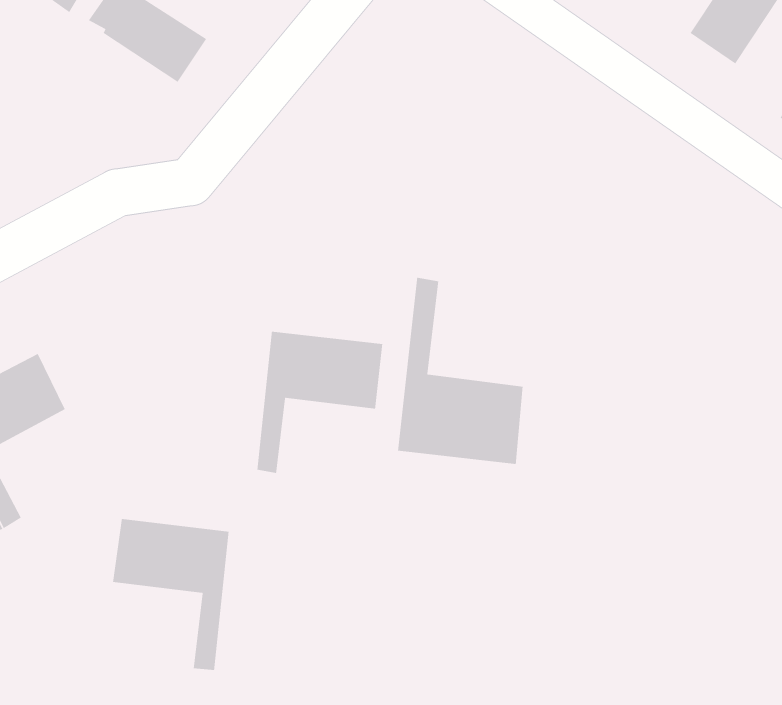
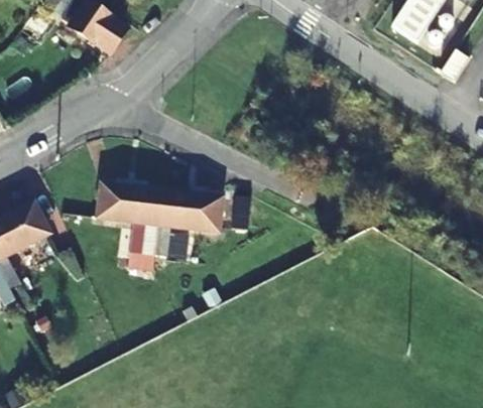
building: [397,277,524,465] -> none
building: [112,518,229,671] -> [98,182,162,266]

